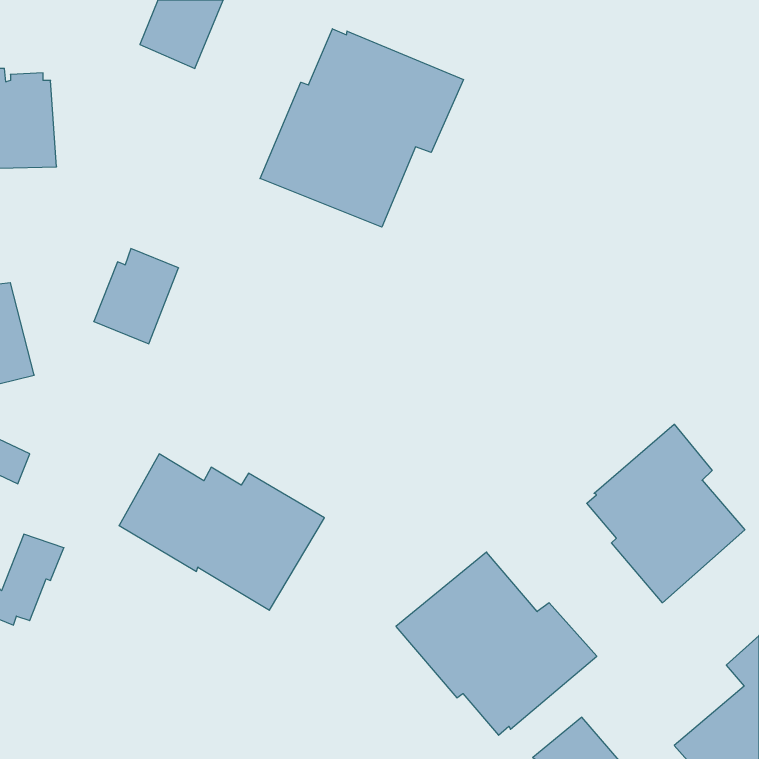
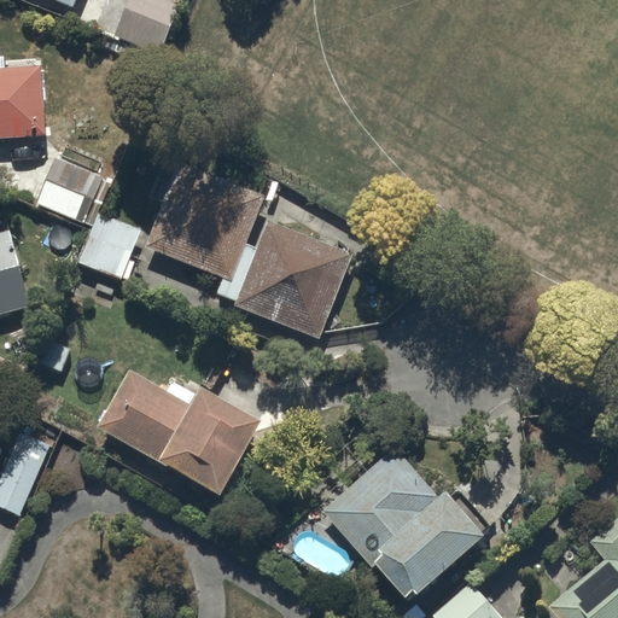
building: [260,29,464,227] -> none
building: none -> [35,154,106,223]
building: none -> [144,161,352,339]
building: [587,424,745,603] -> none

